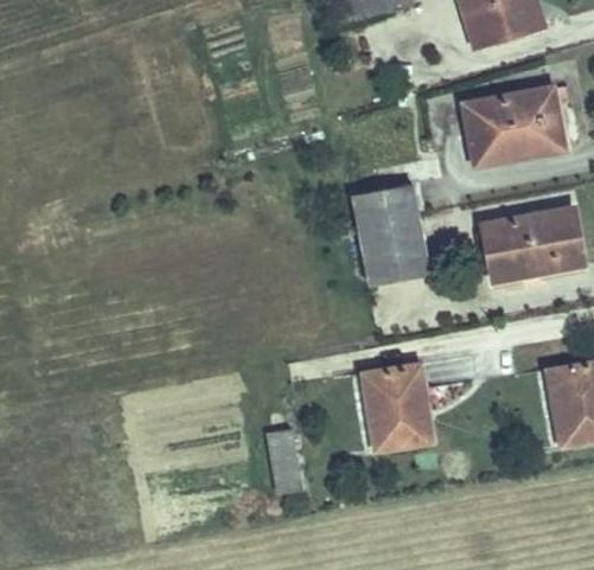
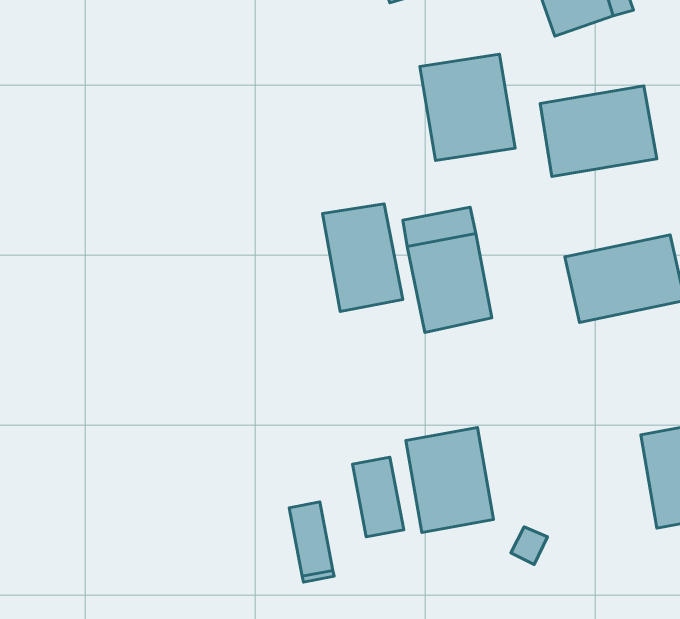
building: none -> [420,54,515,161]
building: none -> [322,204,403,312]
building: none -> [352,457,404,537]

